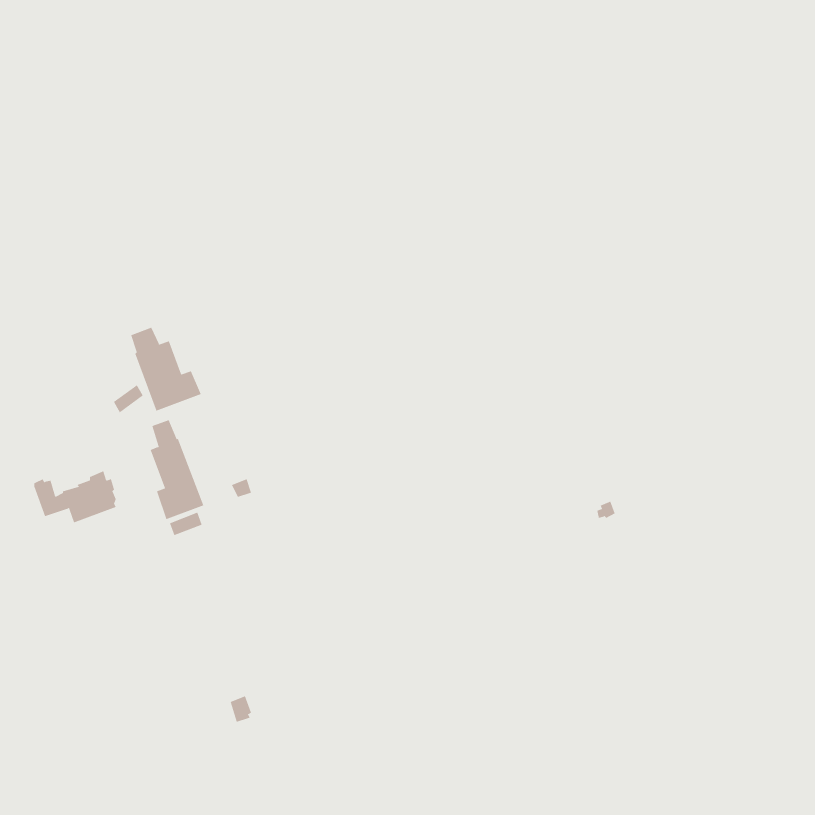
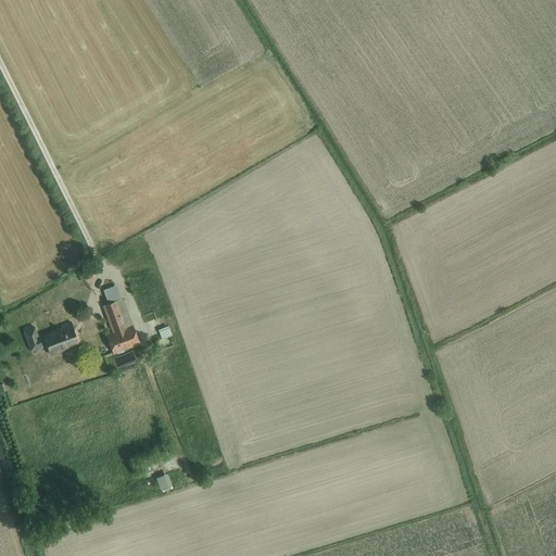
building: [131,327,202,412] -> none

